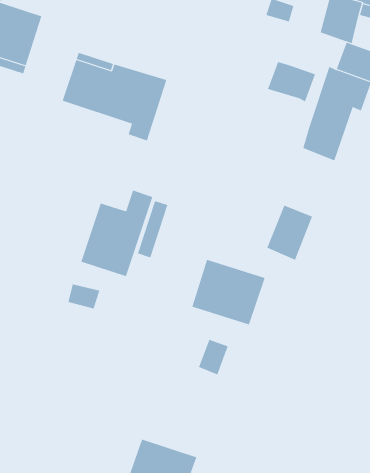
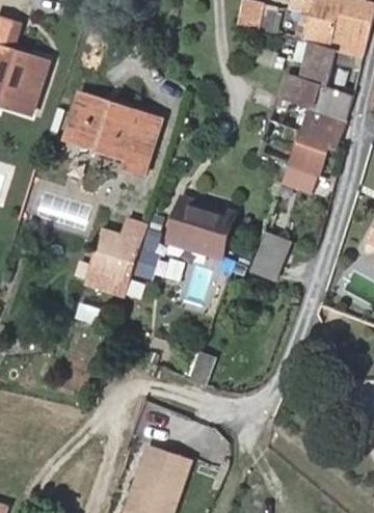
building: [267,62,316,102] -> [279,74,323,110]
building: [192,259,266,325] -> [169,198,236,258]

